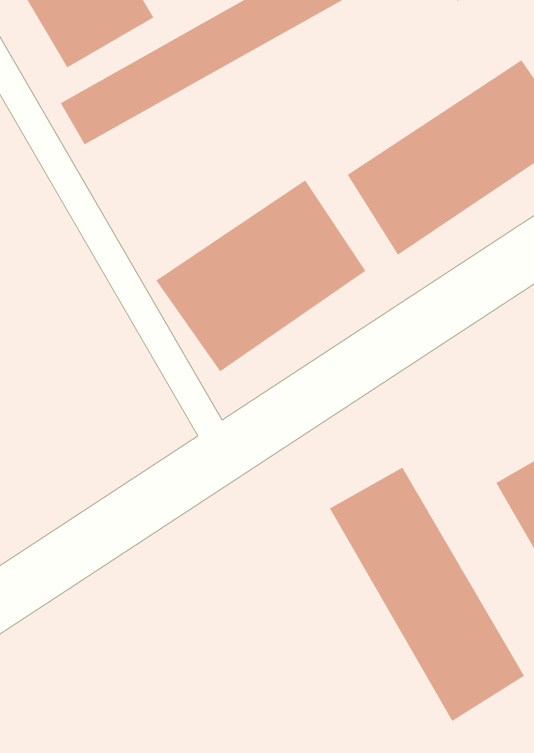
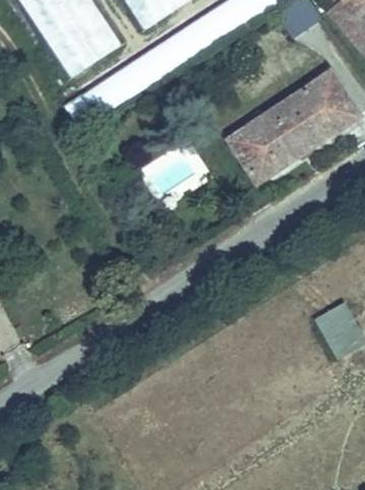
building: [155,180,366,372] -> none
building: [329,467,525,722] -> none

